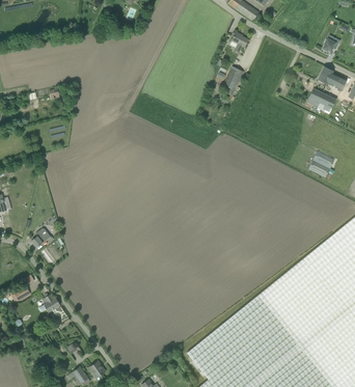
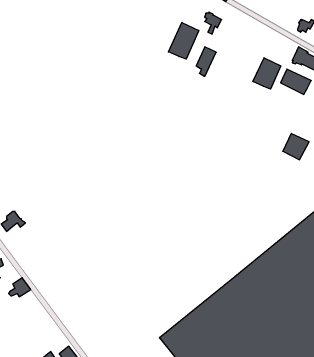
building: none -> [168,22,199,59]
building: none -> [253,58,281,89]

